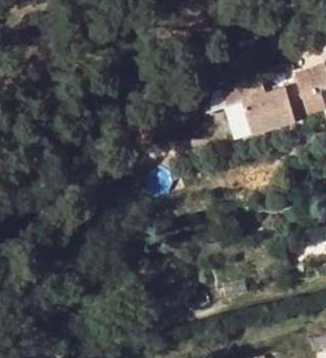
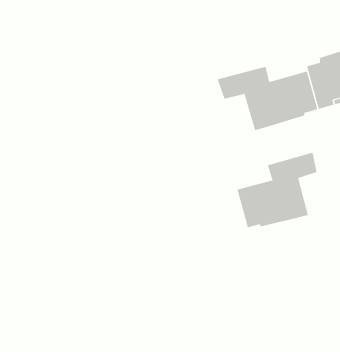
building: none -> [237,152,317,228]

